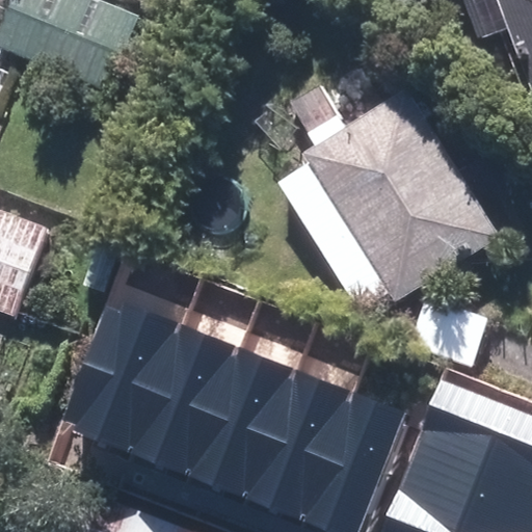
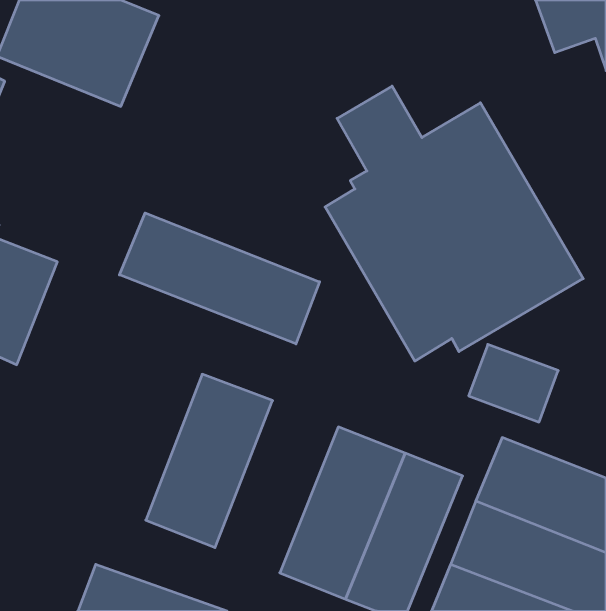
building: none -> [119,213,320,344]
building: [61,304,176,452] -> none
building: [187,348,294,498] -> none

